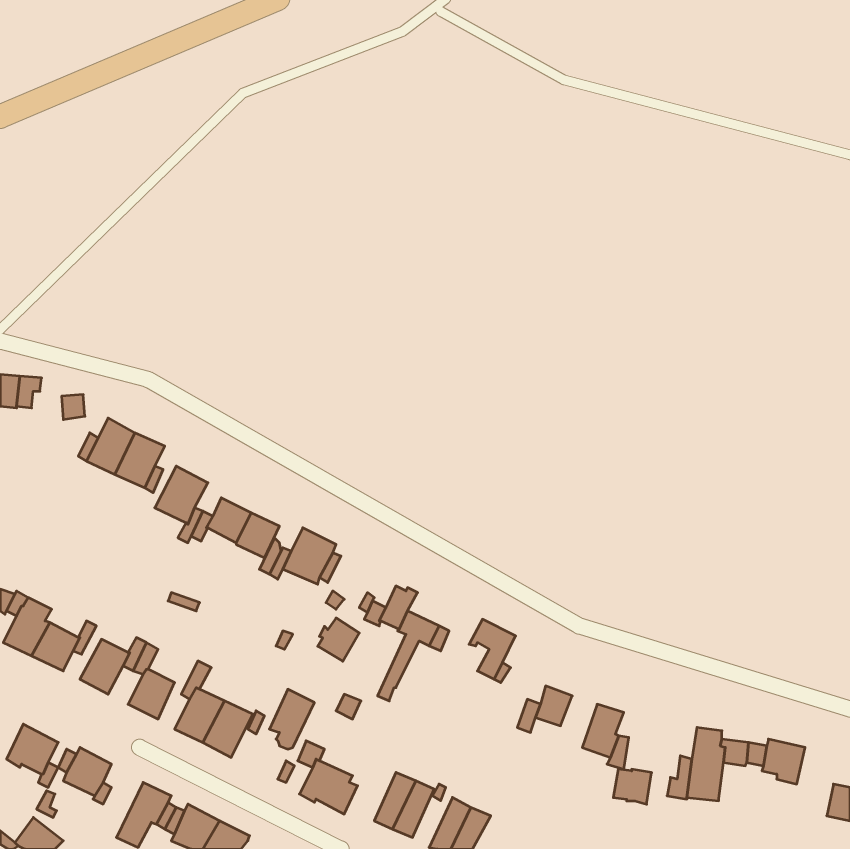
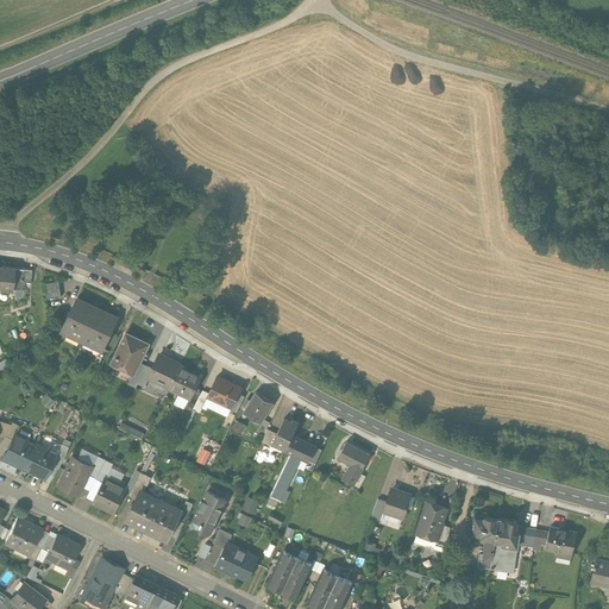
building: [318,618,359,661] -> [243,393,272,423]
building: [613,769,652,804] -> [471,517,498,542]

